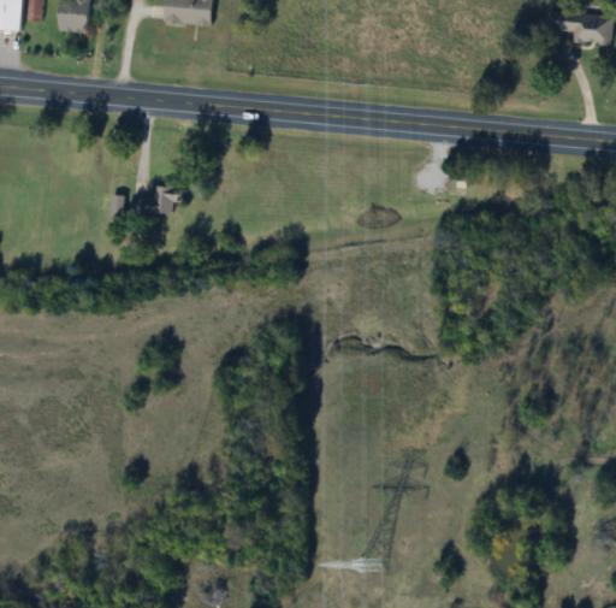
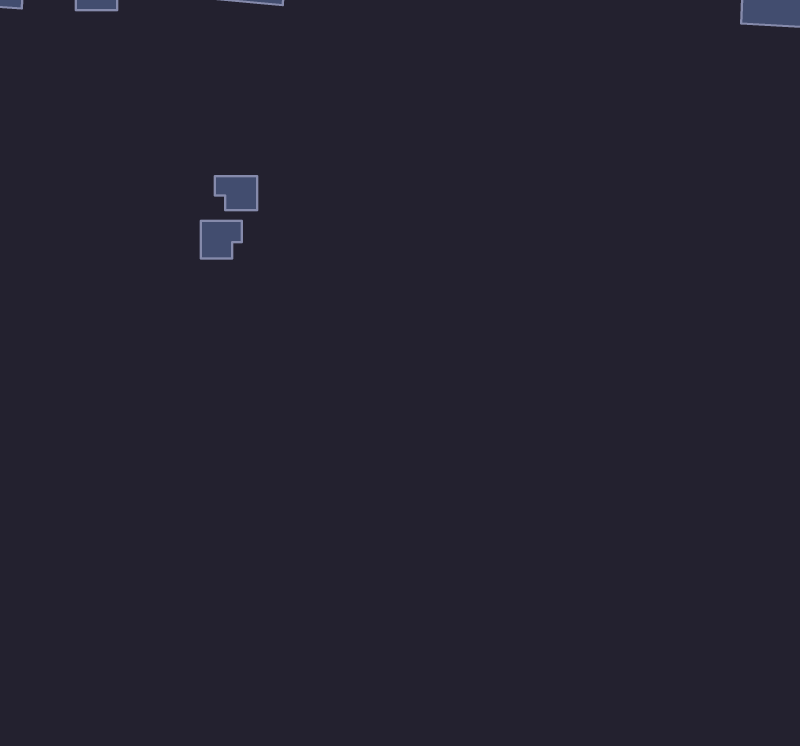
building: none -> [215,176,257,210]

